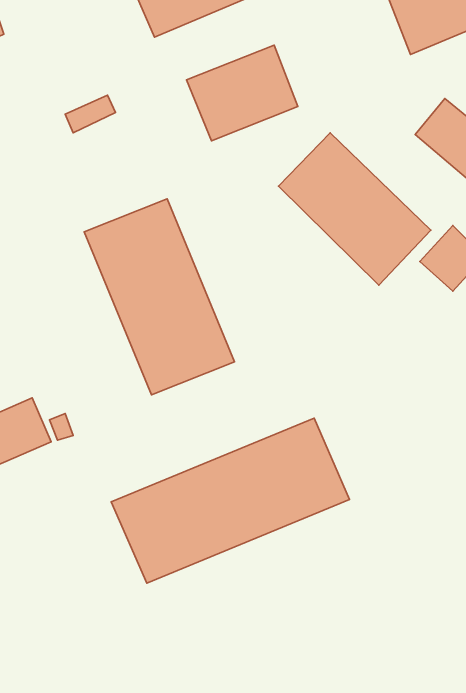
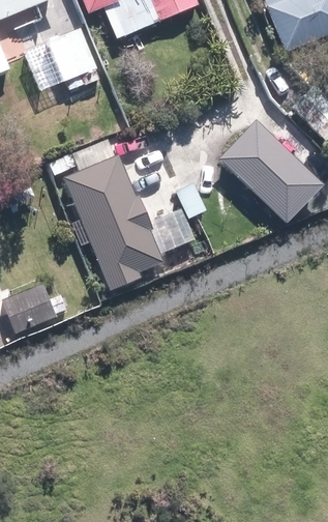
building: [186,45,298,141] -> [24,30,97,93]
building: [111,418,349,583] -> none

